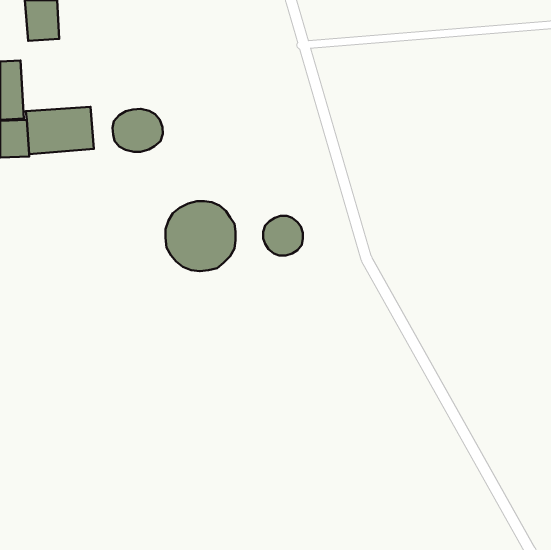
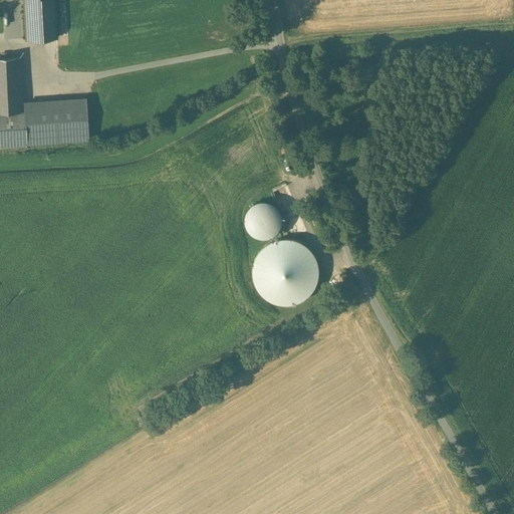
building: [113,109,163,152] -> none
building: [165,201,236,271] -> [253,240,318,305]

